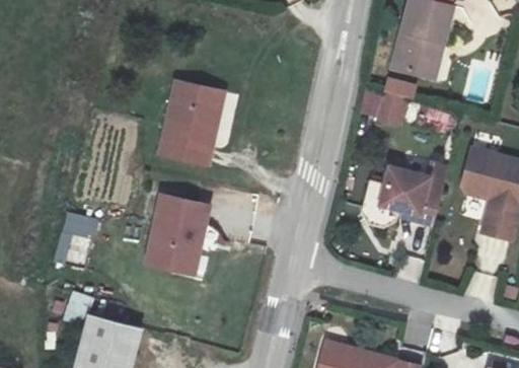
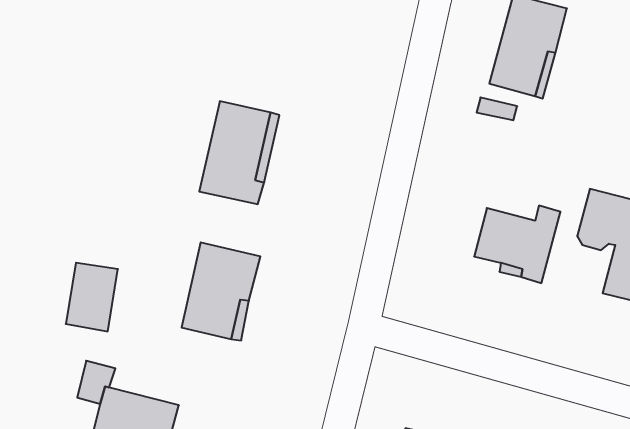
building: [360,92,405,128] -> none

